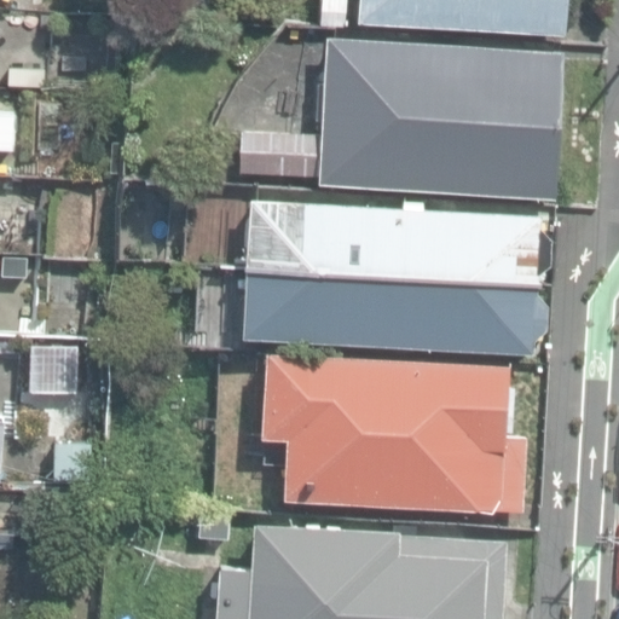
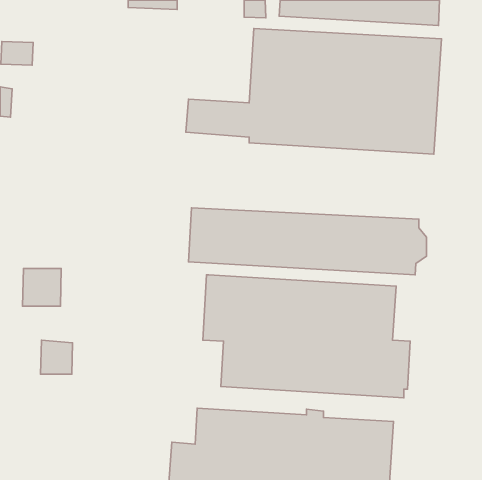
building: [245,201,550,284] -> none

